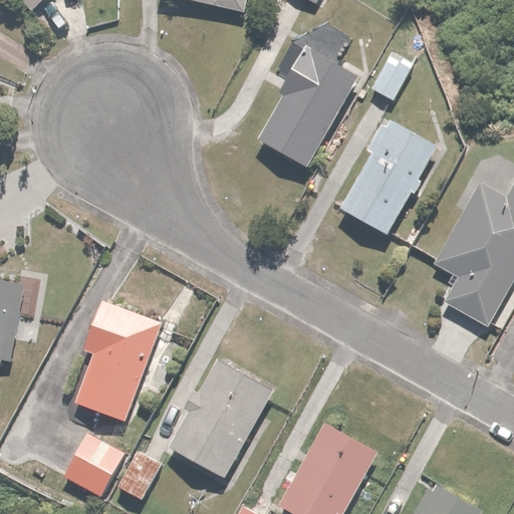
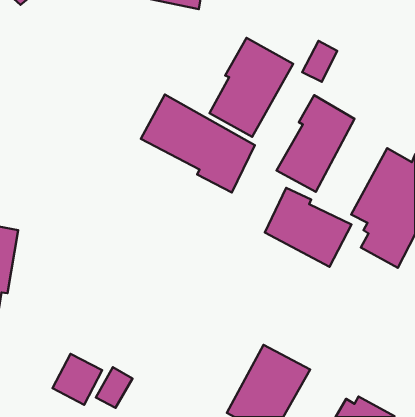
building: none -> [141,95,255,193]
building: none -> [265,188,351,267]
building: [75,300,163,420] -> none
building: [171,359,275,476] -> none

